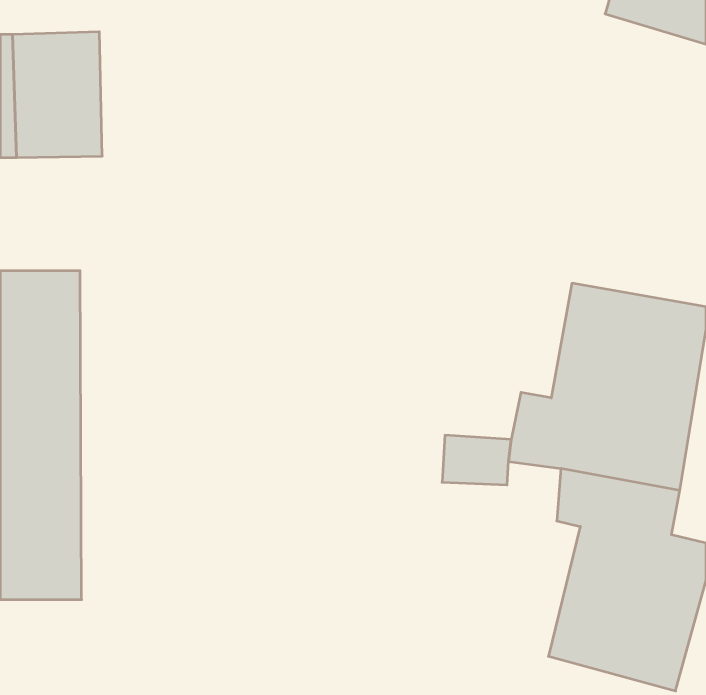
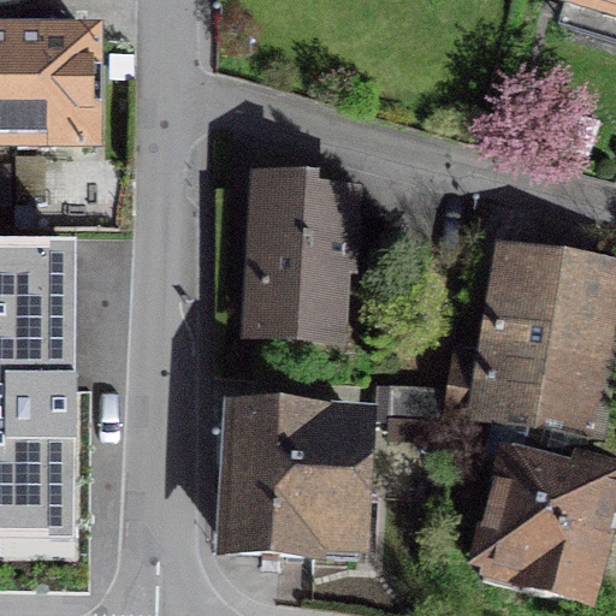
building: none -> [250,182,383,338]
building: none -> [232,413,361,551]

